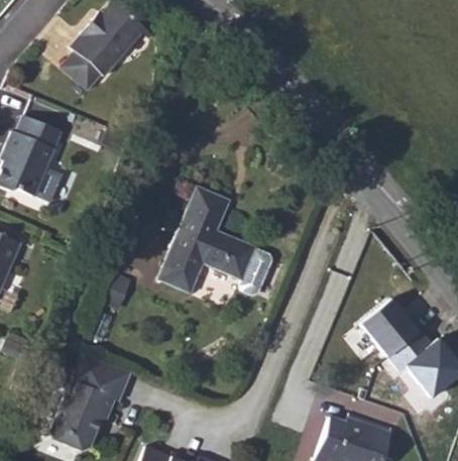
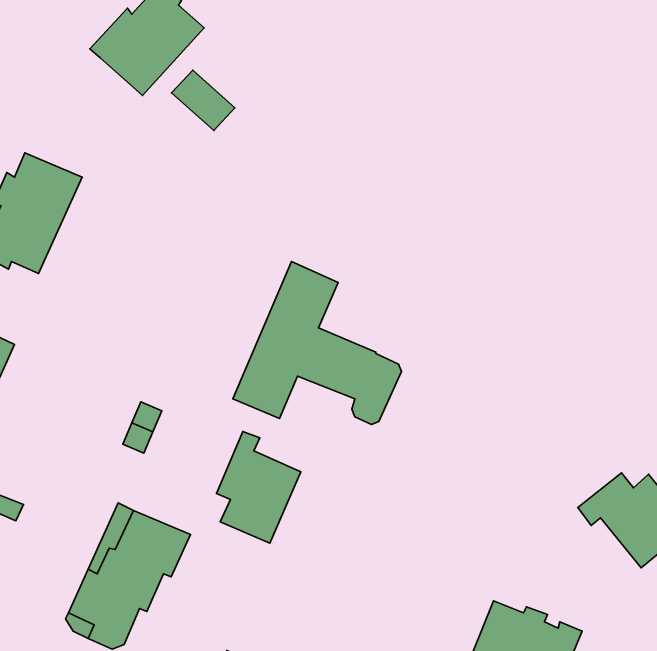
building: [58,53,100,94] -> [172,70,235,130]
building: [362,297,421,354] -> none
building: none -> [216,432,301,543]

